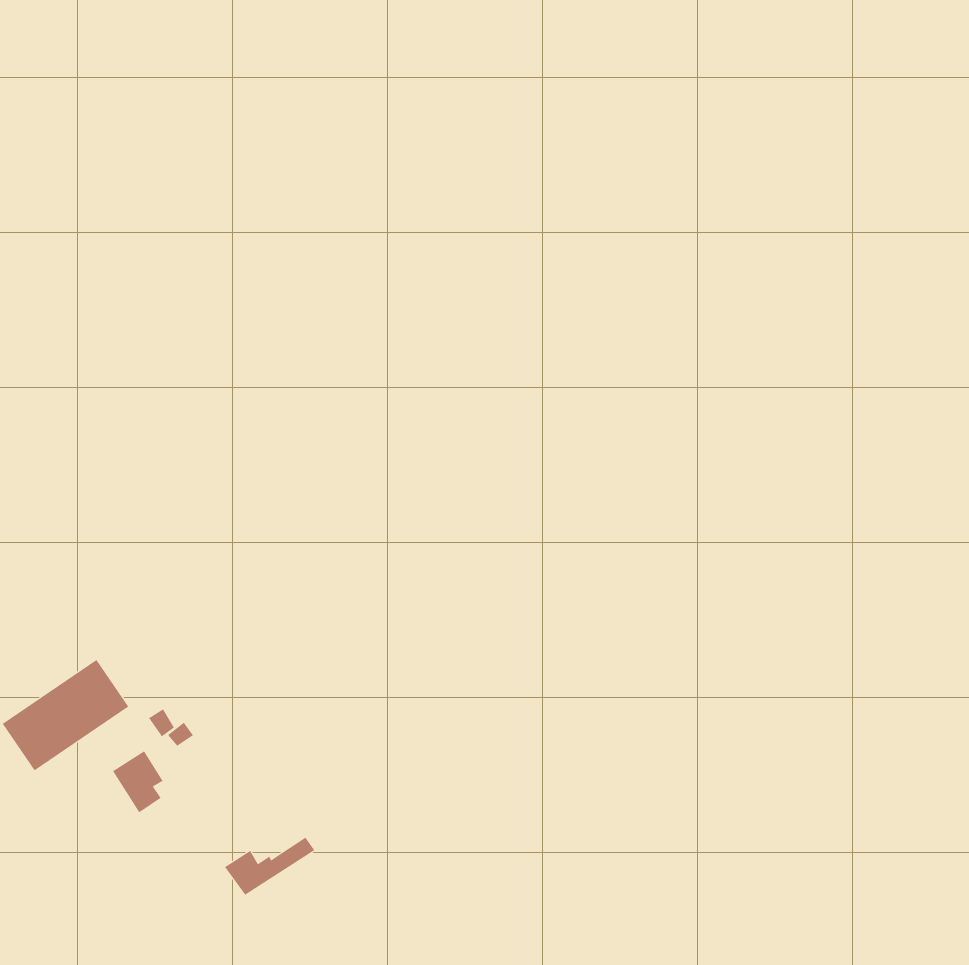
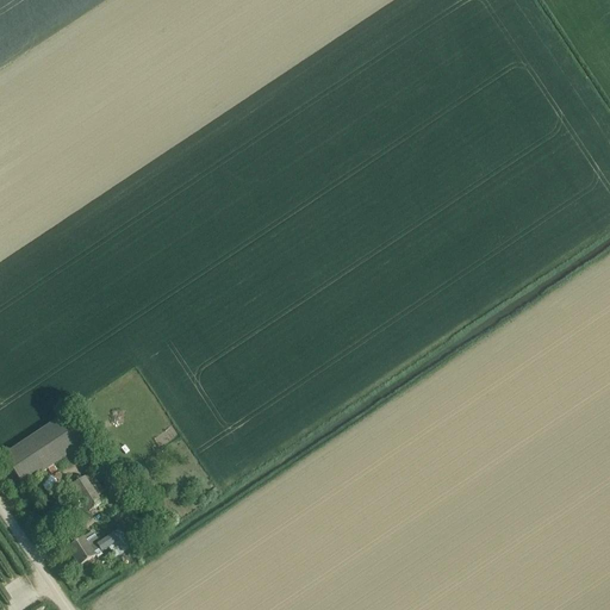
building: [224,837,315,896] -> [66,527,123,564]

